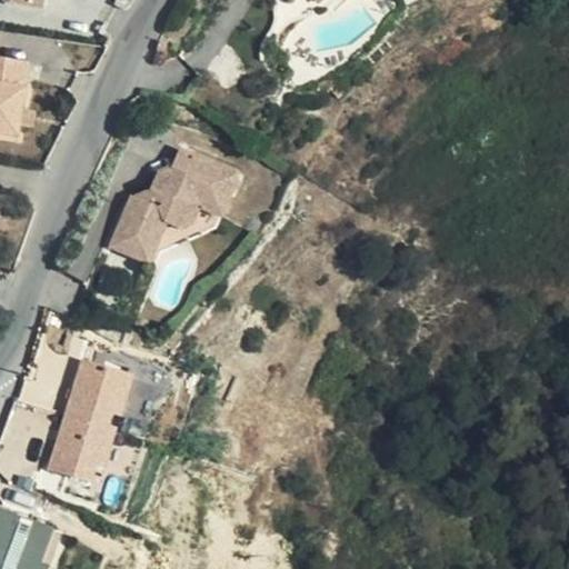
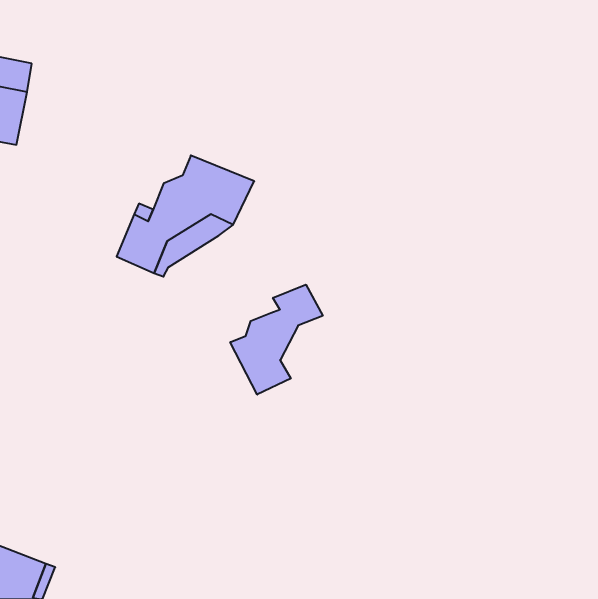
building: none -> [230,285,323,395]
building: [48,358,133,480] -> none

